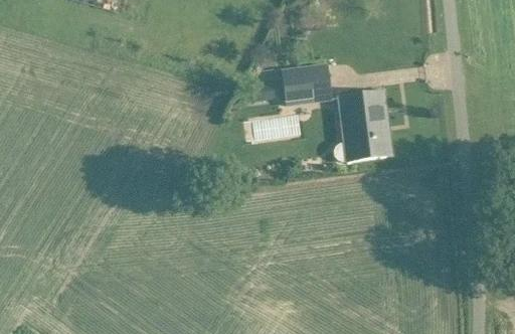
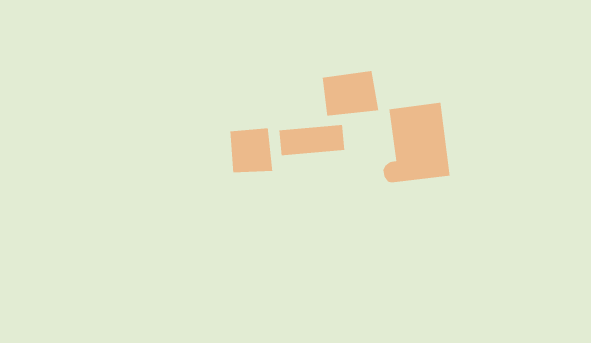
building: none -> [230,127,273,173]

